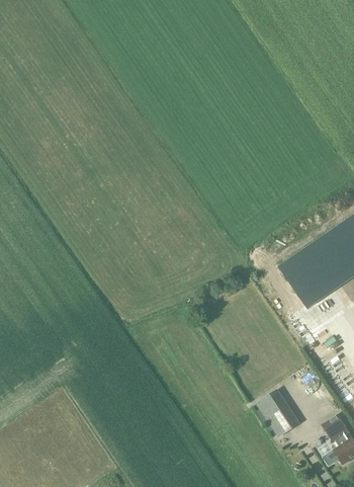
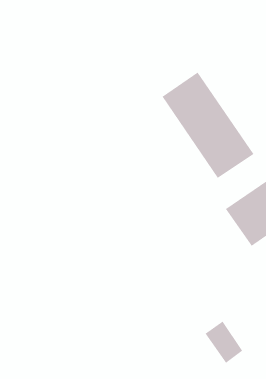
building: none -> [162,71,255,179]

